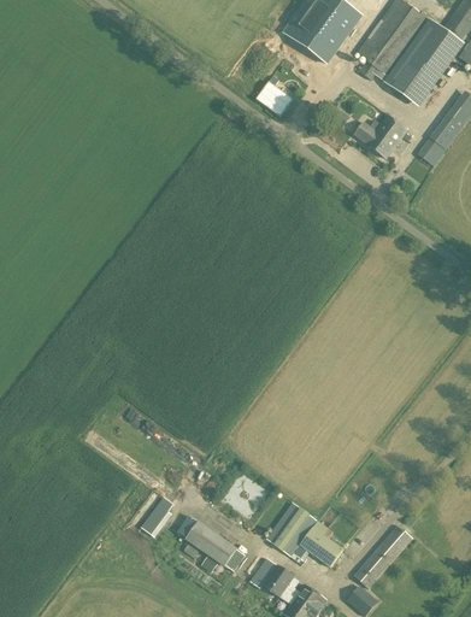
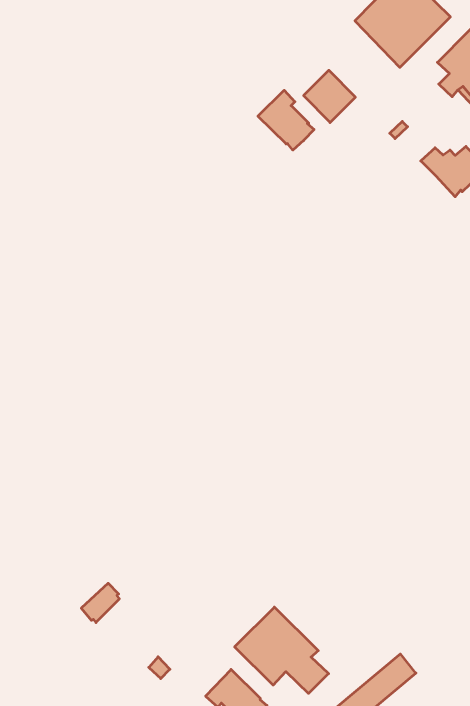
building: none -> [258,90,314,150]
building: [186,521,236,564] -> none

